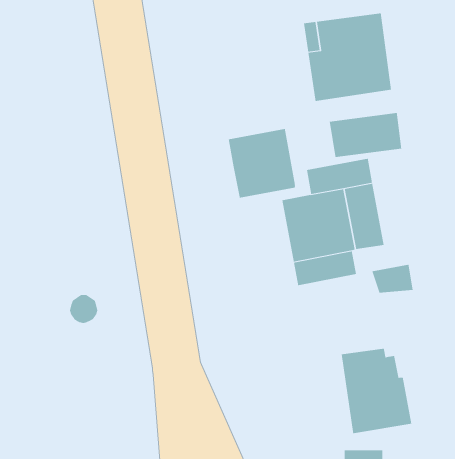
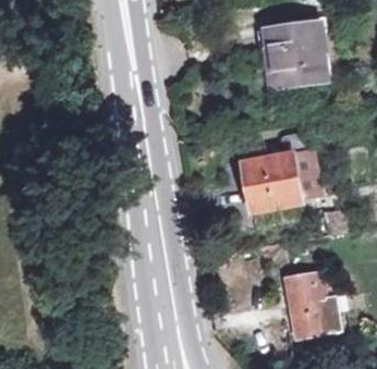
building: [329,112,402,158] -> none
building: [228,128,295,199] -> none

